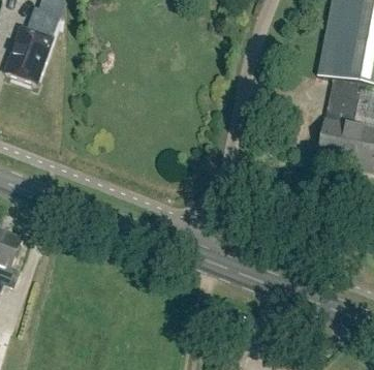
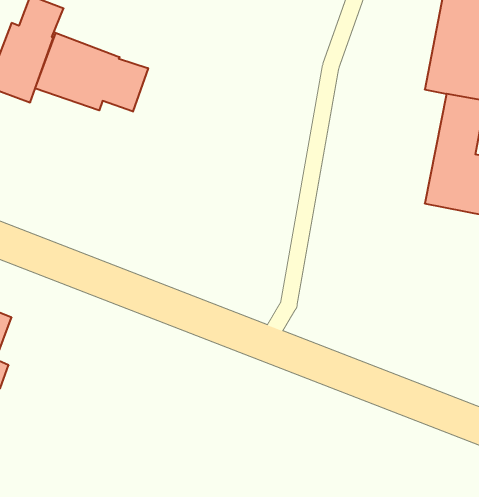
building: none -> [35,33,148,112]

